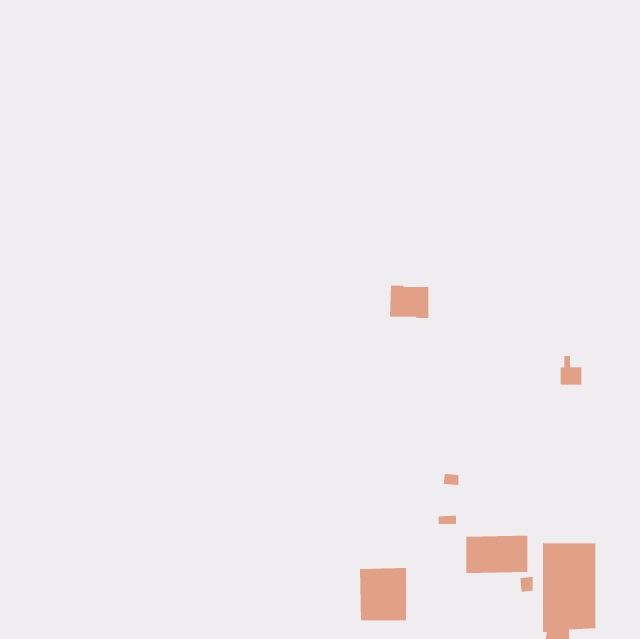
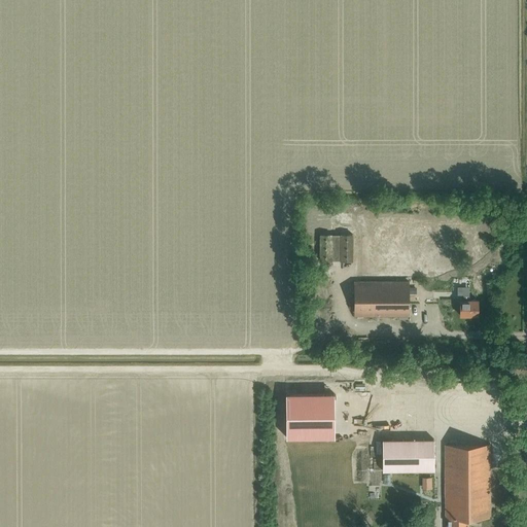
building: none -> [355,283,410,317]
building: [359,567,407,621] -> [286,395,325,440]

